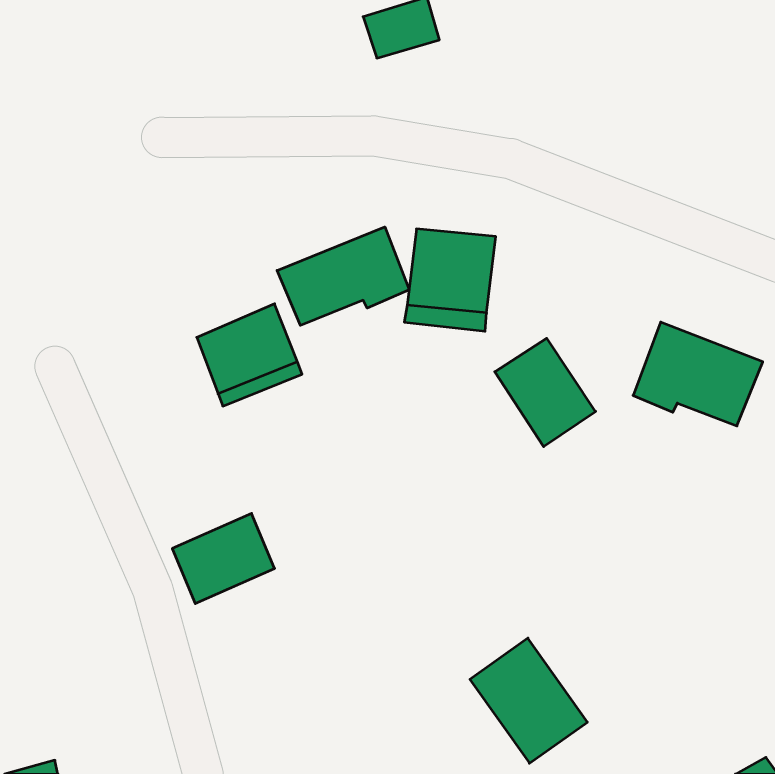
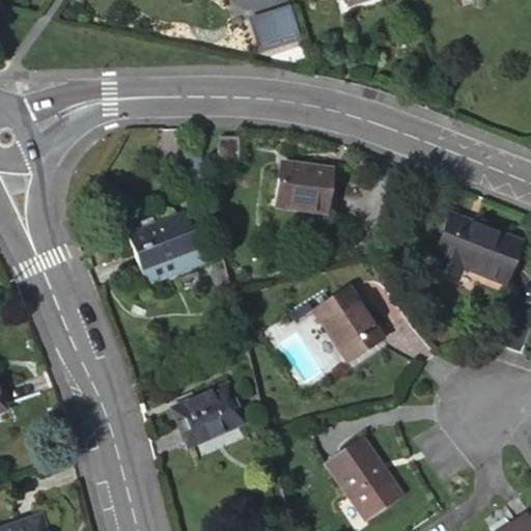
building: [277,227,409,325] -> none
building: [495,338,596,447] -> [312,290,381,364]
building: [172,513,275,604] -> [175,382,245,443]

